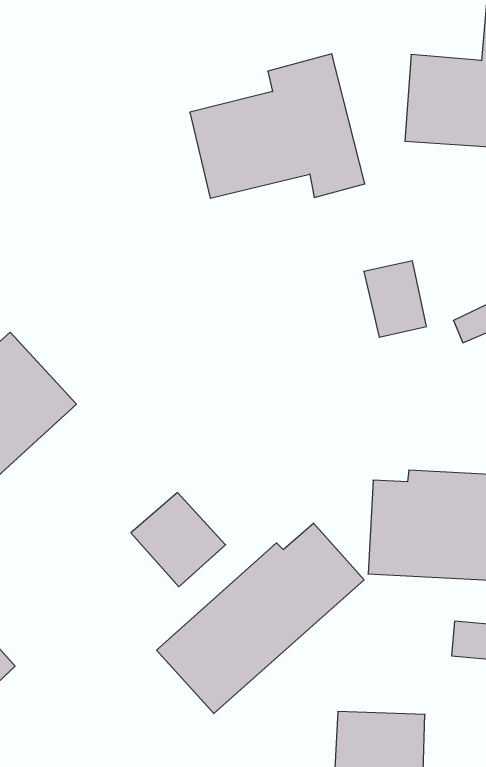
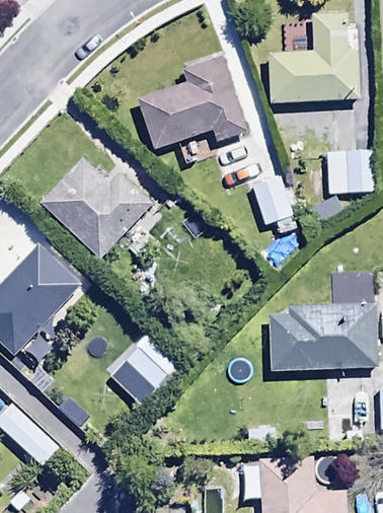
building: none -> [40,157,153,260]
building: [157,523,364,714] -> none

